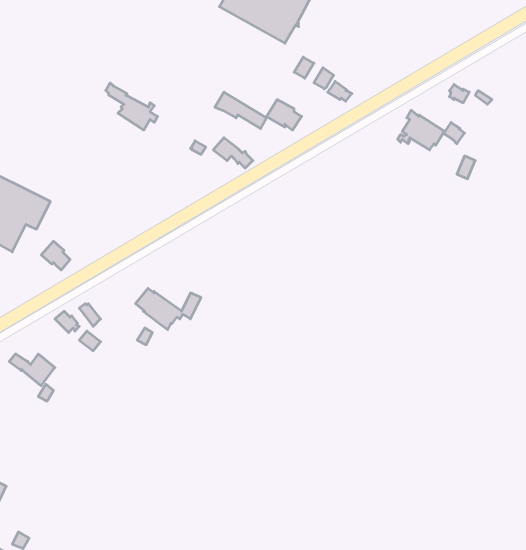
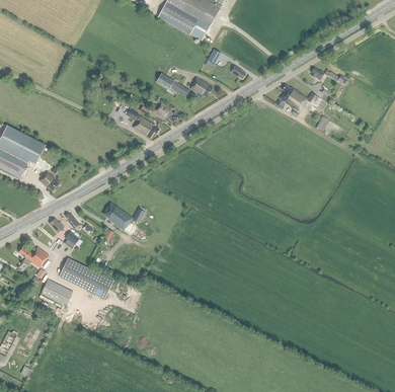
building: [106,83,158,130] -> [125,106,159,138]
building: none -> [59,257,113,298]
building: none -> [41,279,73,305]

